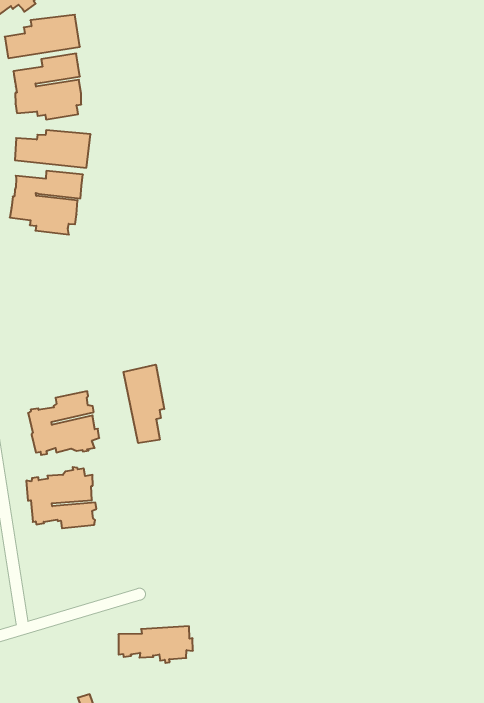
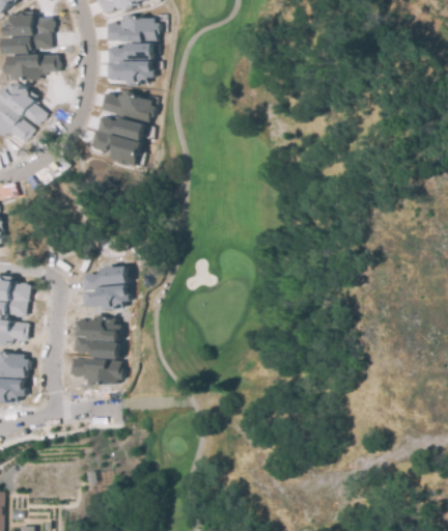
building: [123,365,164,443] -> none
building: [118,626,193,663] -> [71,358,121,383]

